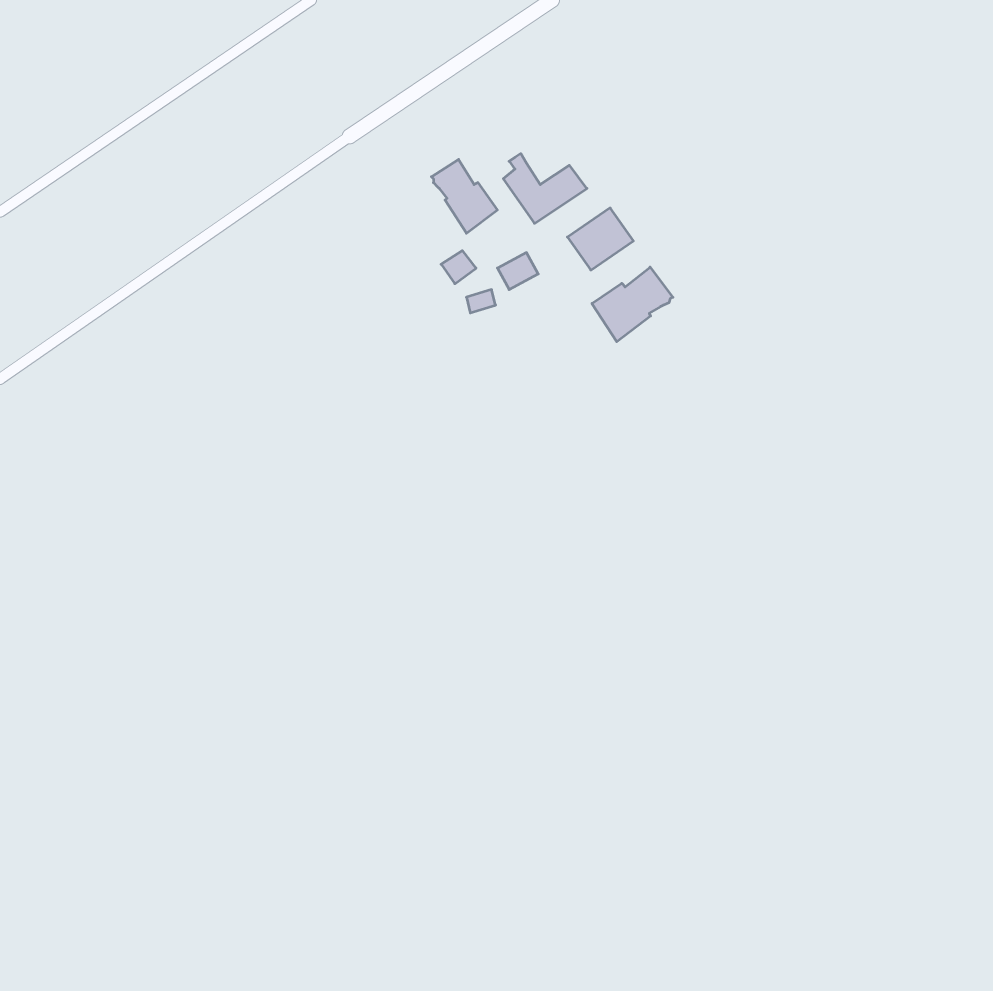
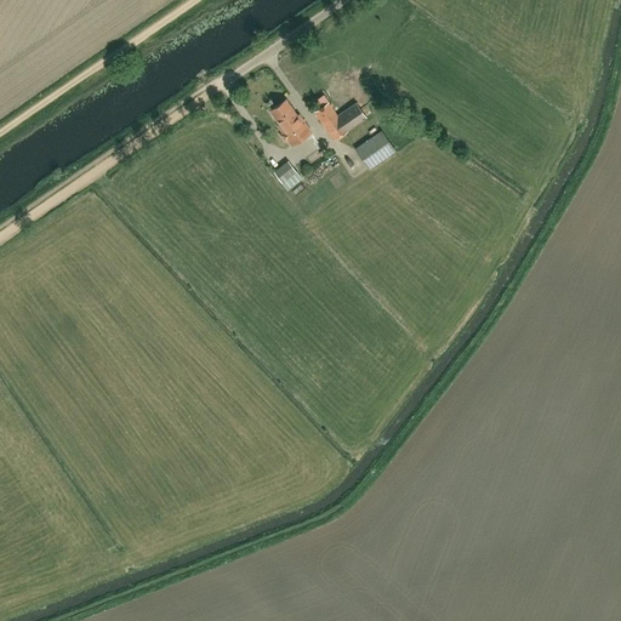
building: [592,267,673,342] -> none

